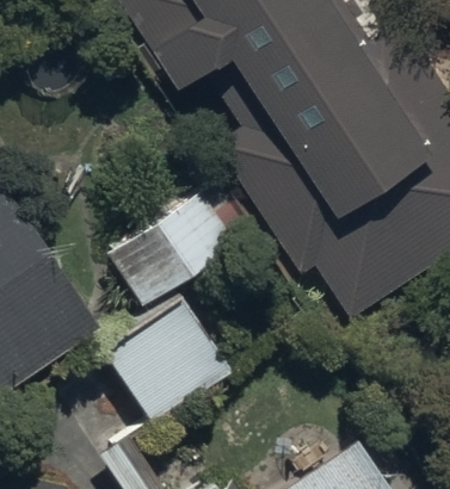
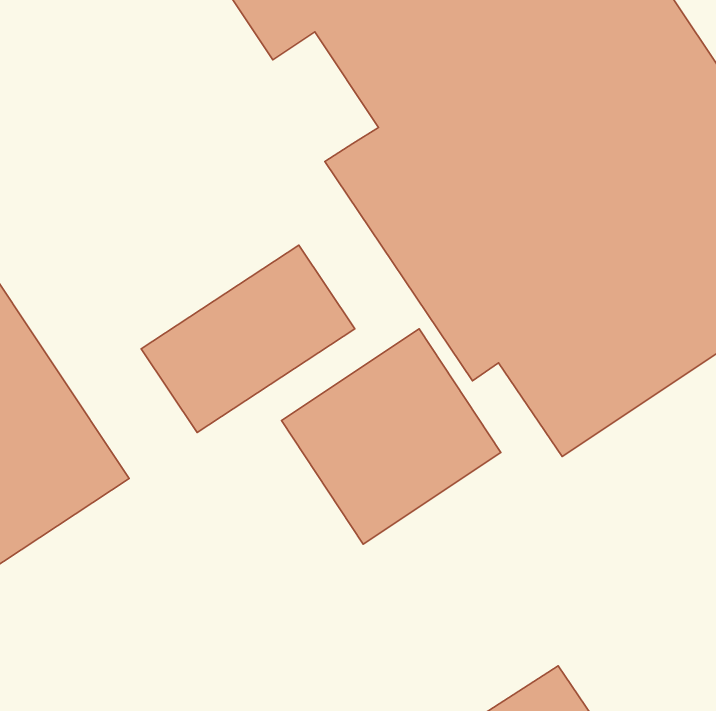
building: [93,297,224,426] -> [281,329,501,544]

